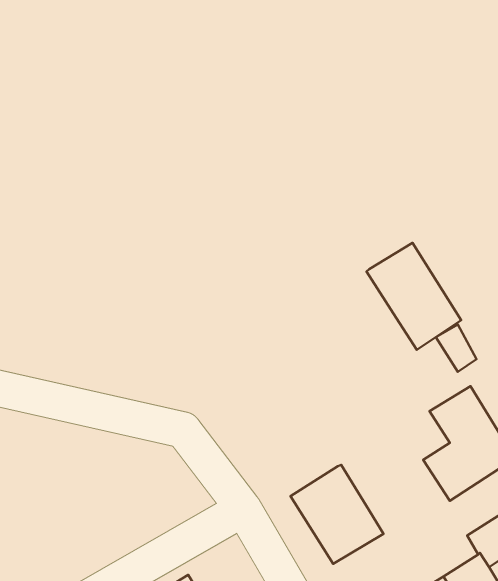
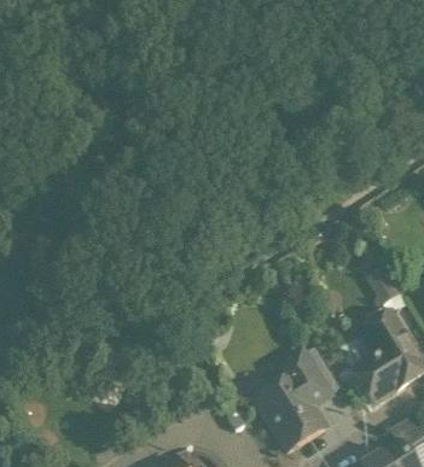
building: [367,243,461,350] -> none
building: none -> [280,348,330,405]

